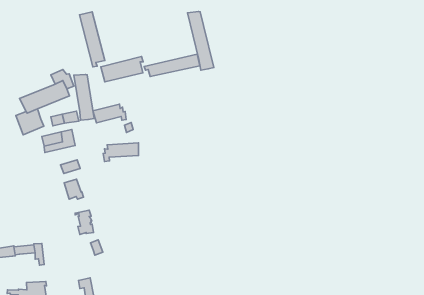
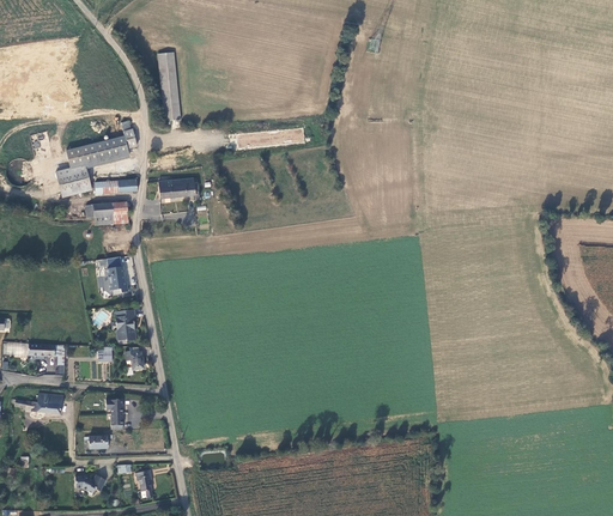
building: [187,12,214,70] -> none
building: [101,57,143,82] -> none
building: [74,75,94,120] -> none
building: [103,143,139,162] -> none

